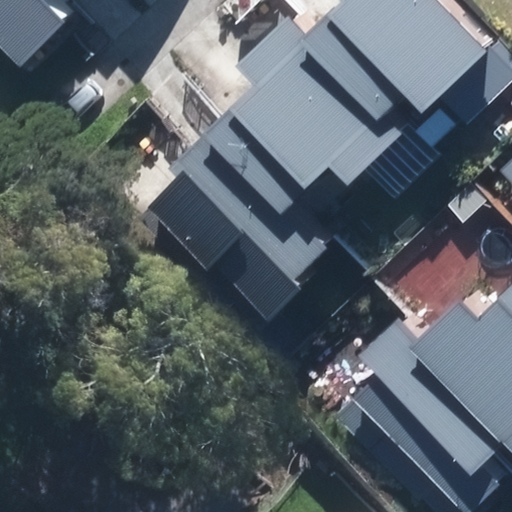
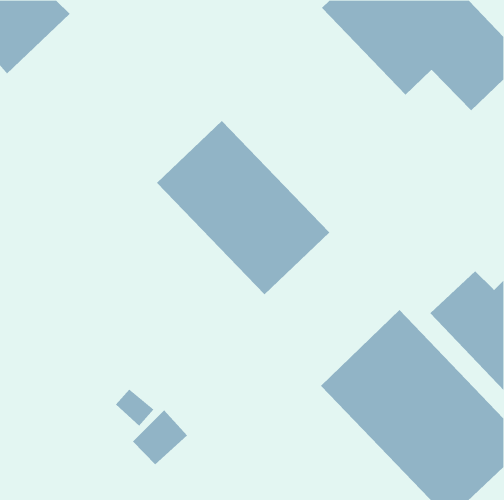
building: [230,14,410,195] -> none

